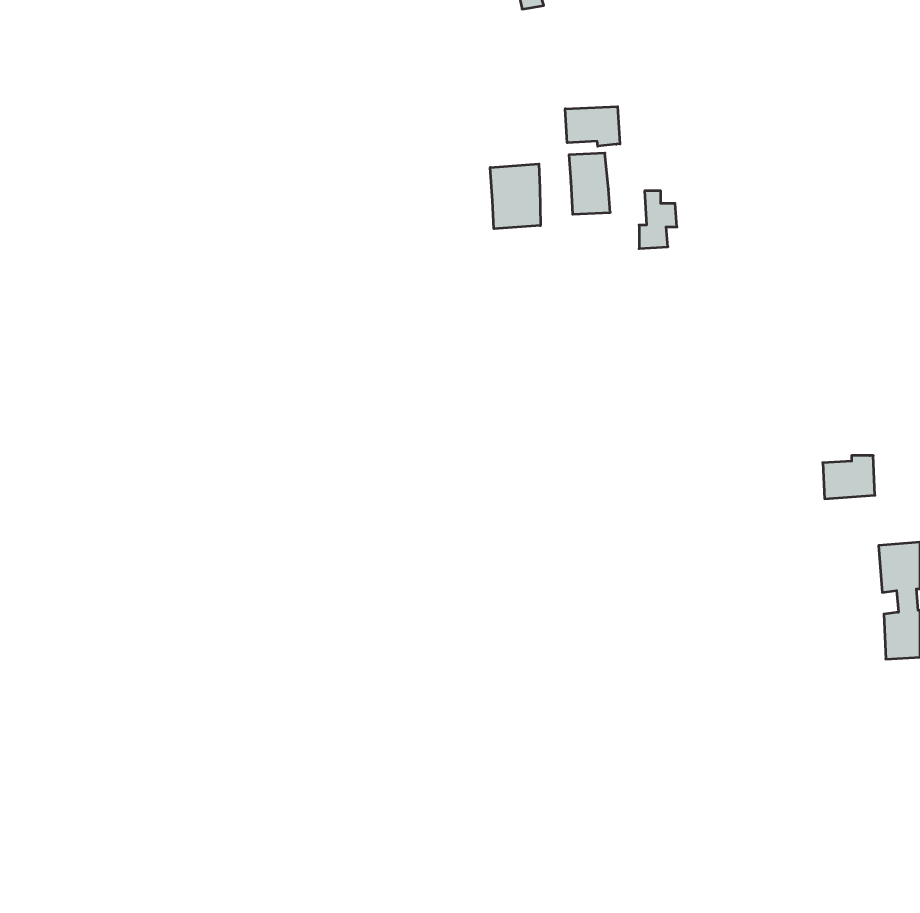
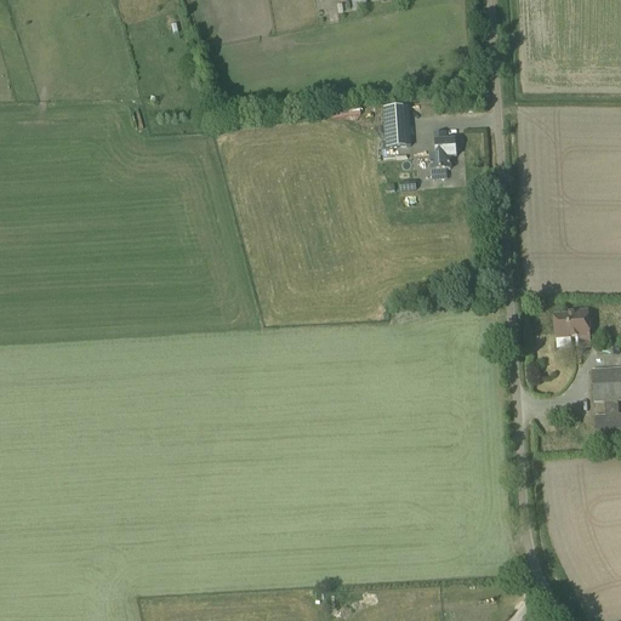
building: [565,107,620,146] -> none
building: [490,164,540,229] -> none

